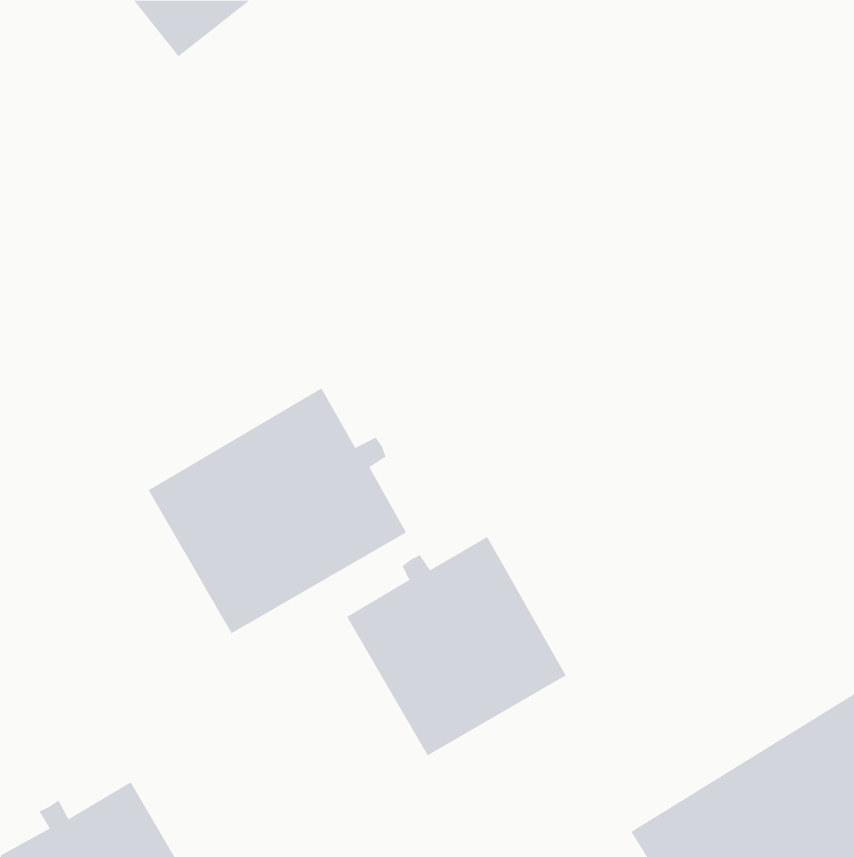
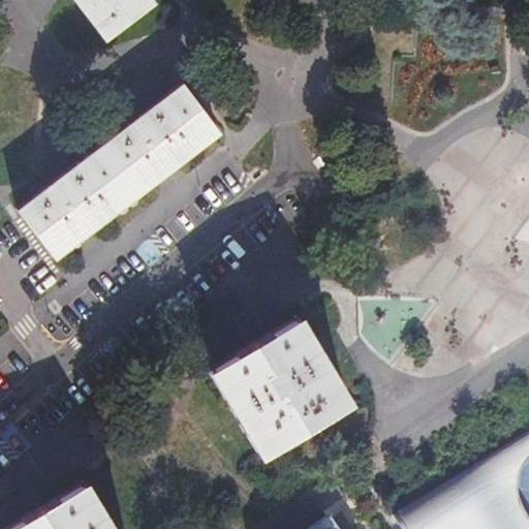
building: none -> [22,81,224,256]
building: [148,387,407,634] -> none

